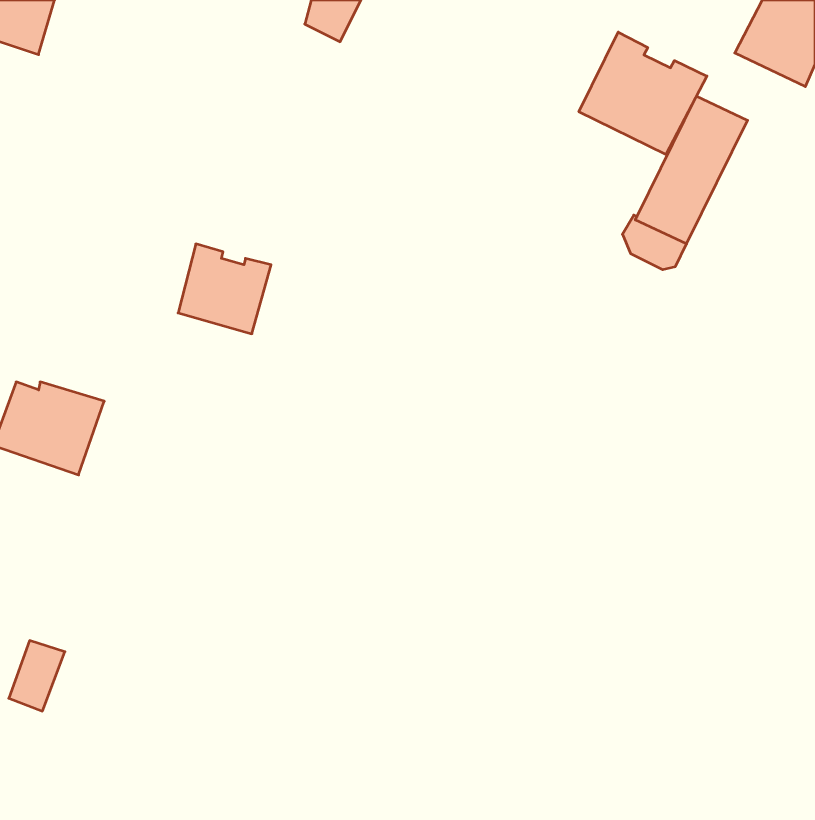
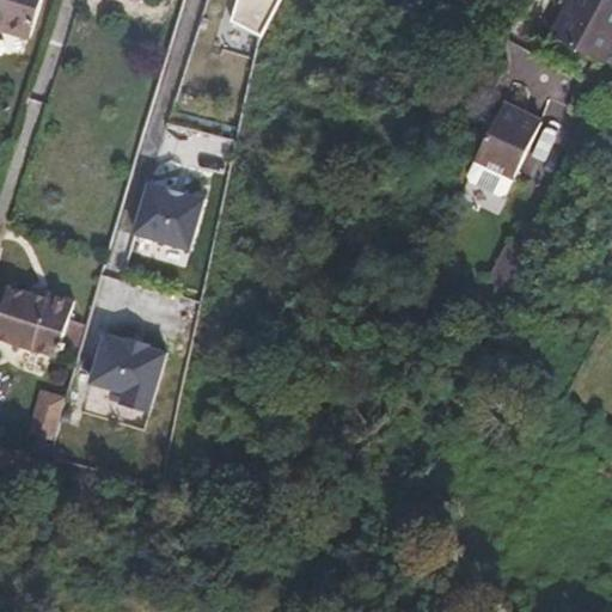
building: [579,32,707,154] -> none
building: none -> [90,333,165,412]
building: [9,641,65,711] -> [24,388,66,441]

